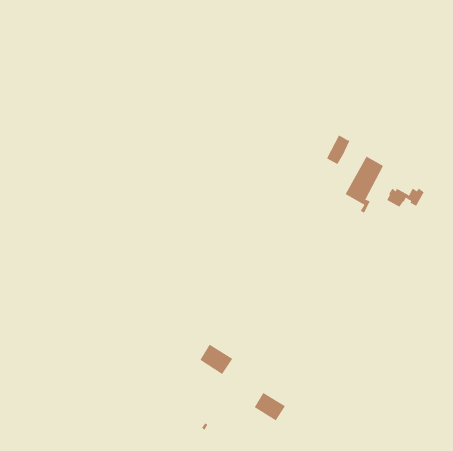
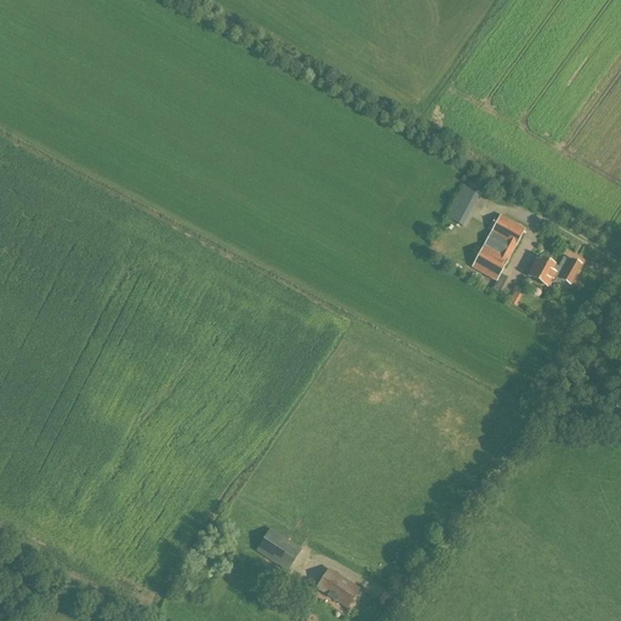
building: [200,344,233,375] -> [256,528,302,570]
building: [254,392,286,421] -> [317,568,360,608]

